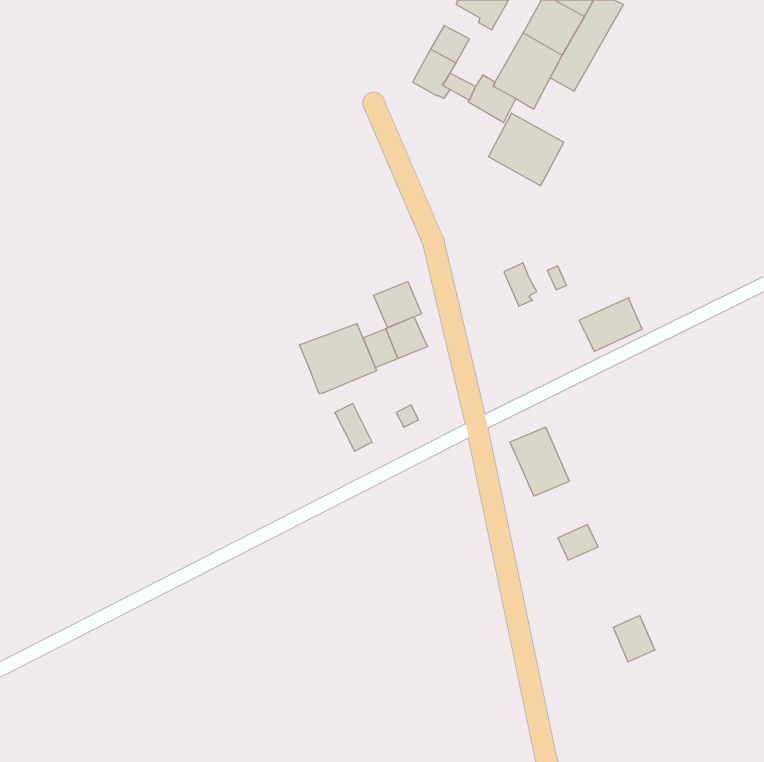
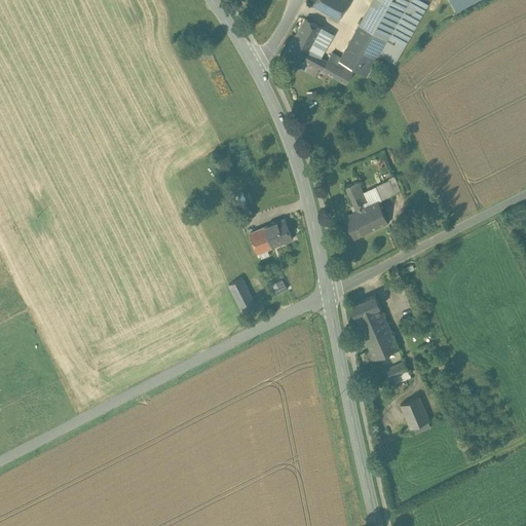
building: [488,113,564,186] -> none
building: [374,282,422,327] -> none
building: [579,298,642,352] -> [345,201,388,238]
building: [299,323,377,394] -> none
building: none -> [361,332,399,363]
building: [613,616,655,662] -> [401,397,429,428]

